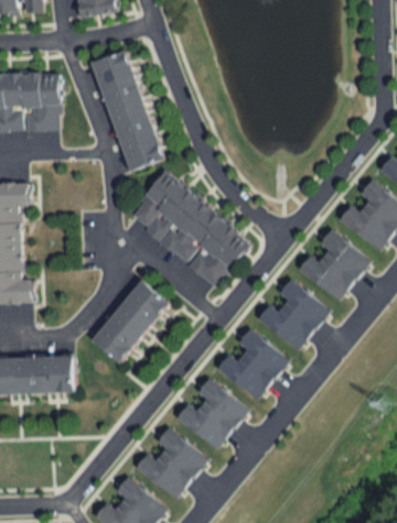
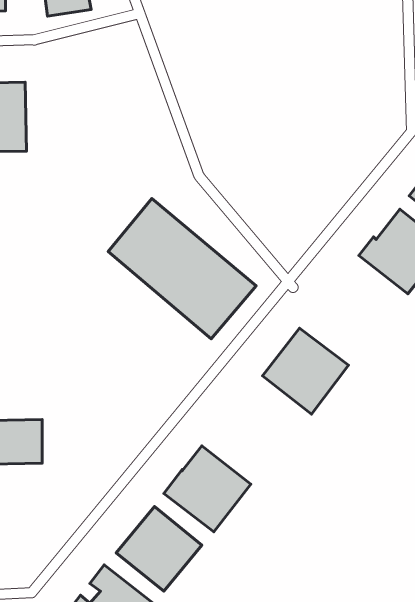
building: [93,52,163,171] -> none
building: [299,228,371,301] -> none
building: [92,280,169,361] -> none
building: [216,328,288,399] -> none

